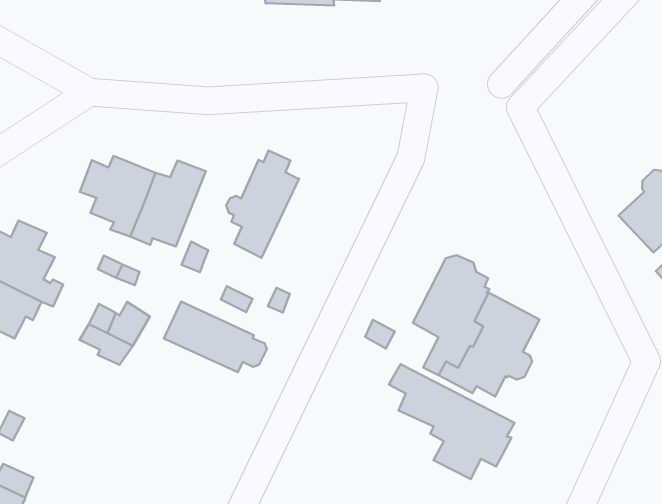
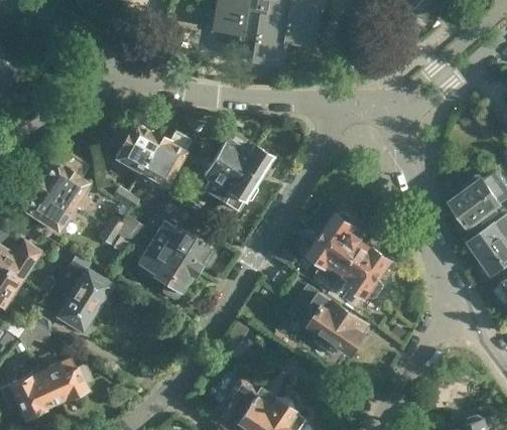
building: none -> [219,146,276,210]
building: none -> [136,244,195,300]
building: none -> [56,249,109,331]

